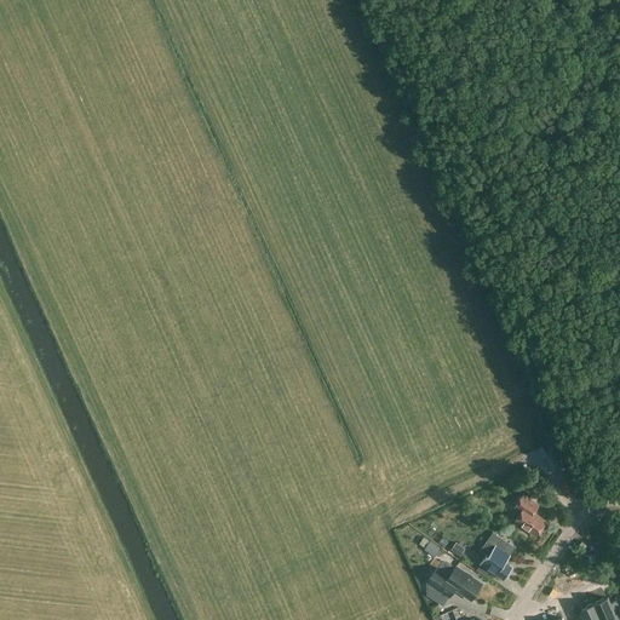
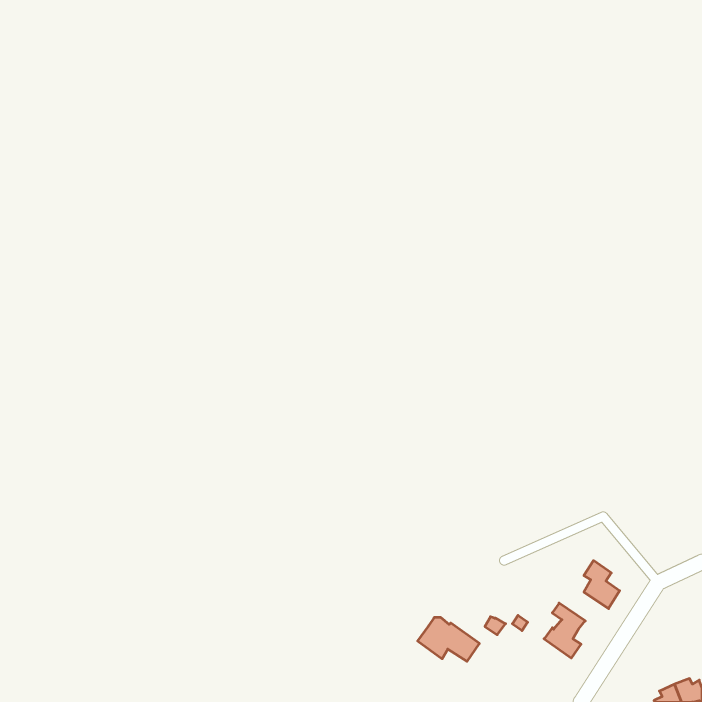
building: [427,561,482,599] -> [418,618,479,661]

